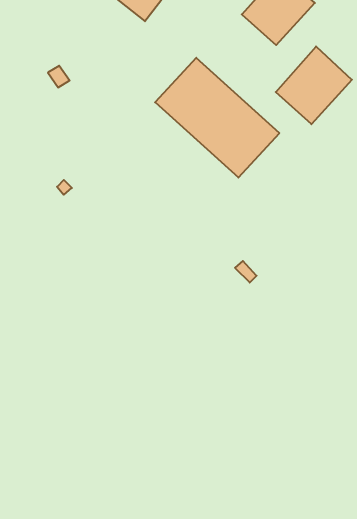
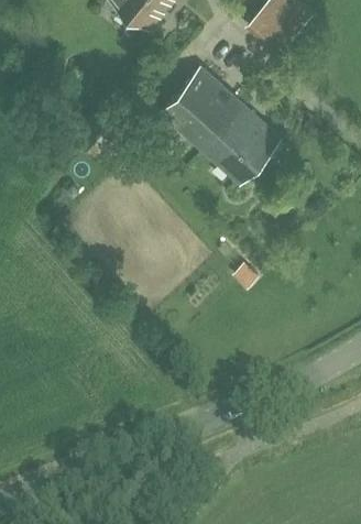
building: [276,46,352,124] -> none

